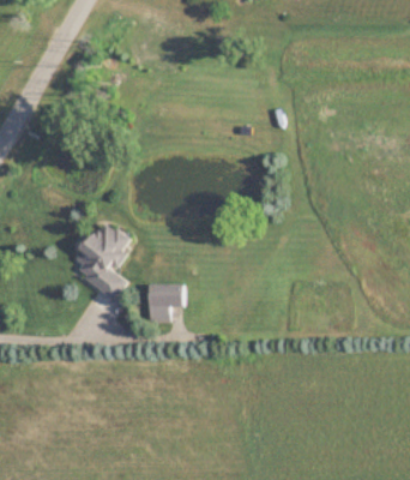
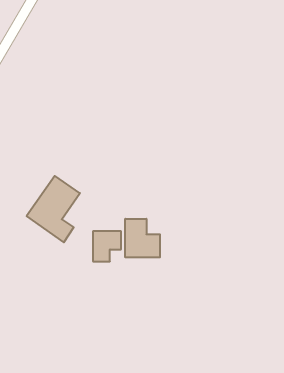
building: none -> [125,219,160,257]

